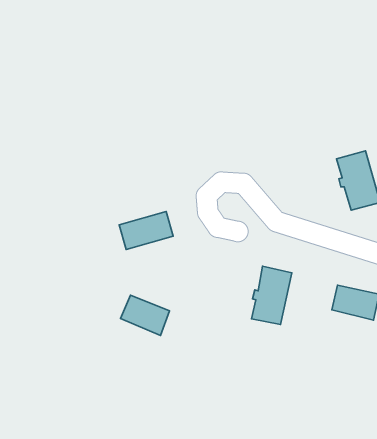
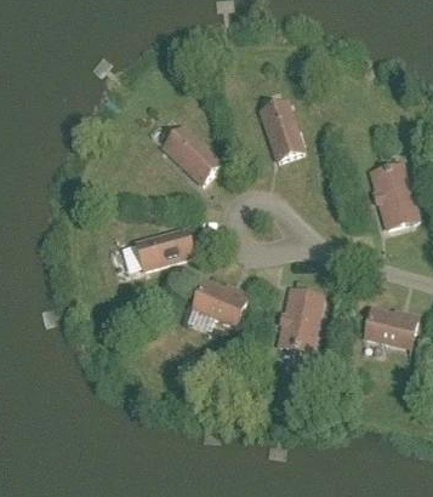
building: none -> [260,102,303,161]
building: none -> [163,127,221,184]
building: [120,295,170,335] -> [193,280,246,324]

